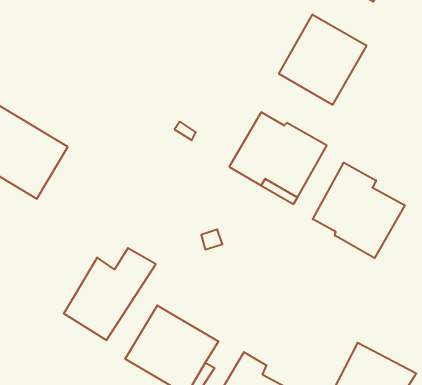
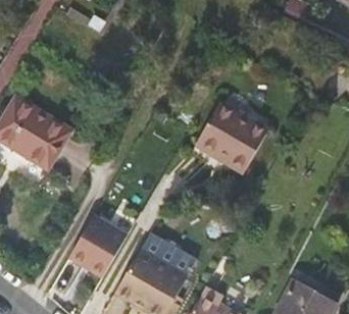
building: [279,14,366,105] -> none
building: [313,163,405,258] -> none
building: none -> [139,231,197,278]

